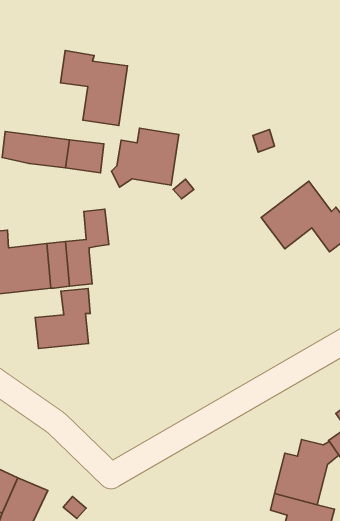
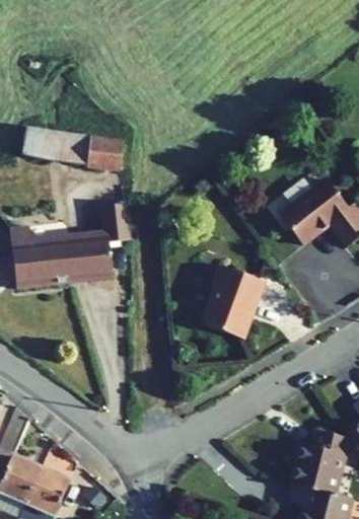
building: [60,51,127,125] -> none
building: [111,128,179,187] -> none
building: none -> [204,264,266,339]
building: [35,288,90,349] -> none

